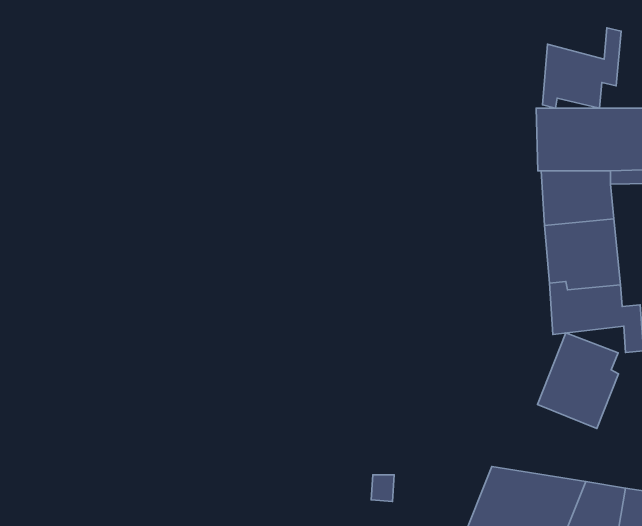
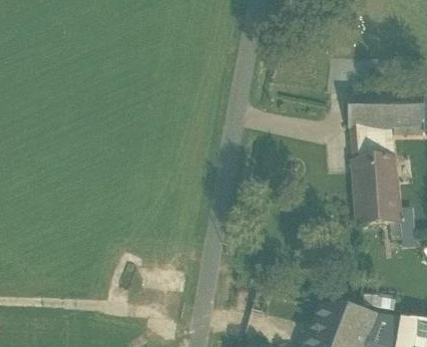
building: [542,28,621,108] -> none
building: [538,333,618,428] -> none

